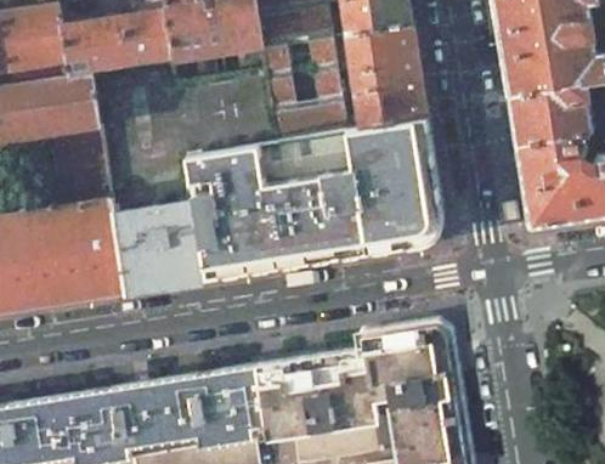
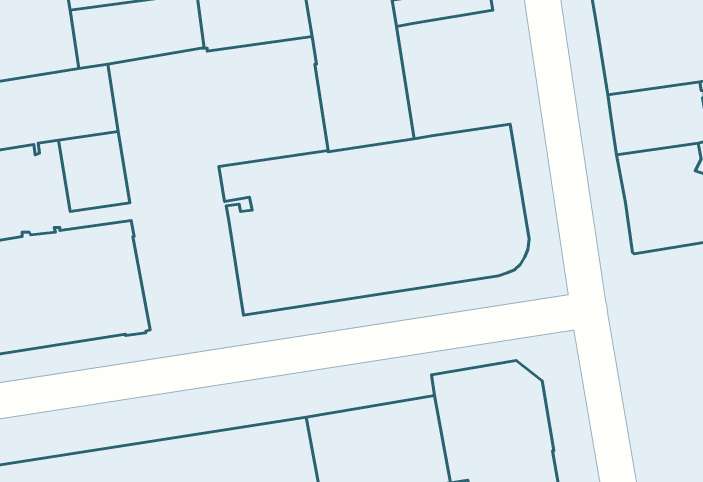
building: [345,24,426,129] -> none
building: [112,199,204,292] -> none

